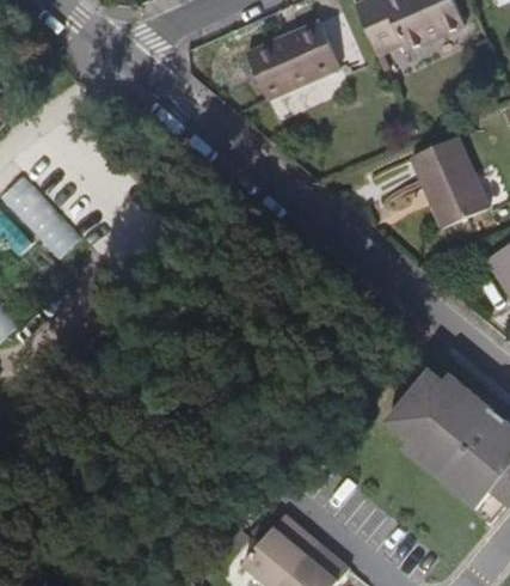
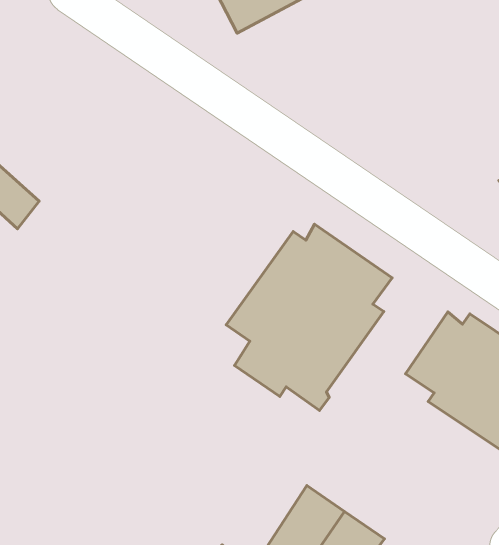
building: [406,135,485,226] -> none
building: none -> [226,224,392,411]

